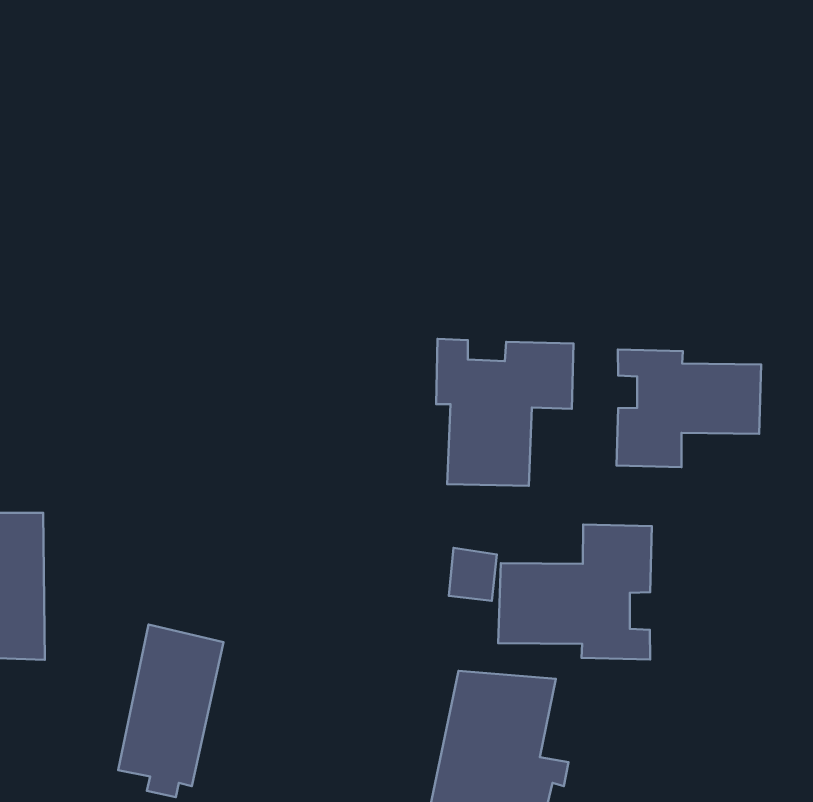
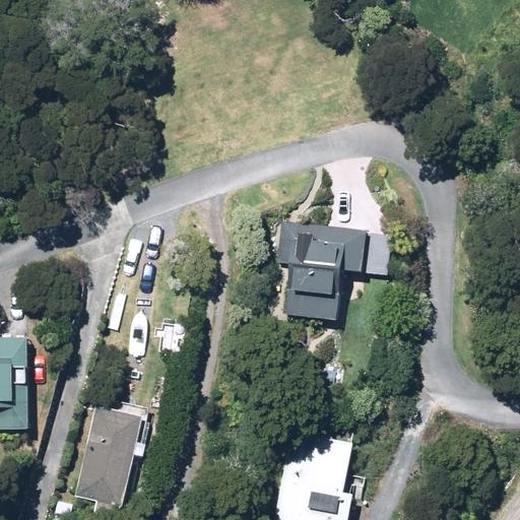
building: [617,350,761,467] -> none
building: [498,524,652,660] -> none

